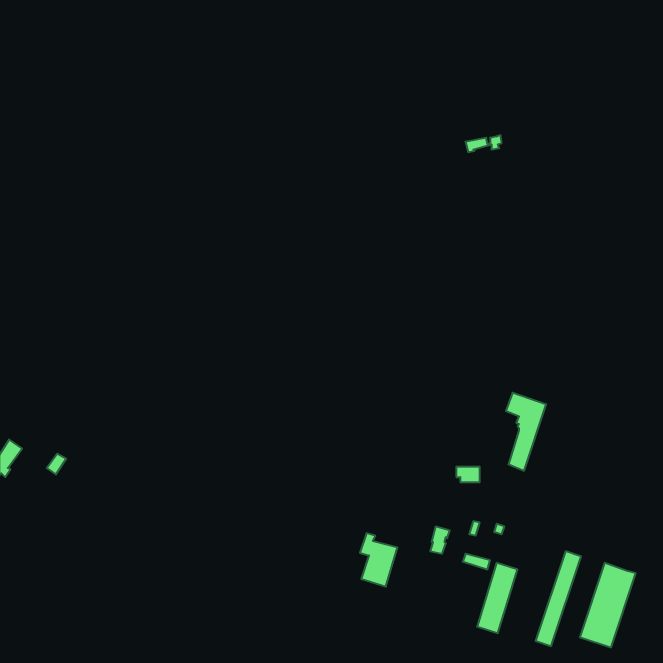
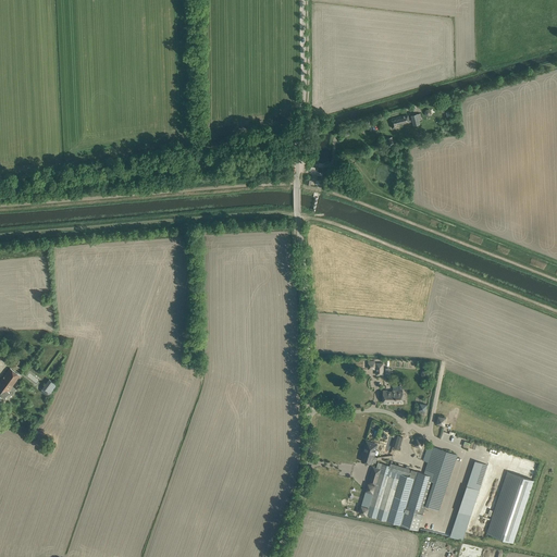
building: [506,393,546,471] -> [422,446,456,511]
building: [360,533,398,587] -> [367,468,398,512]

